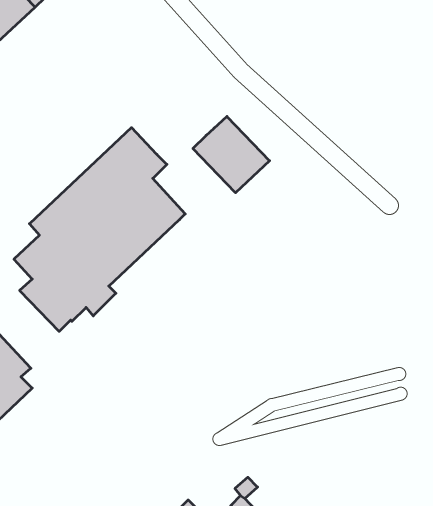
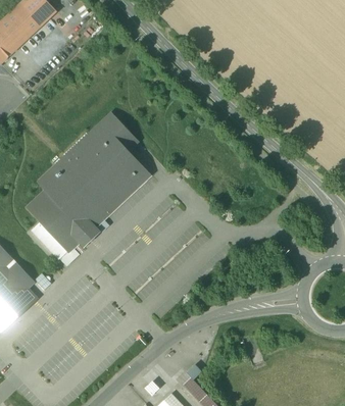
building: [193,116,270,193] -> none

